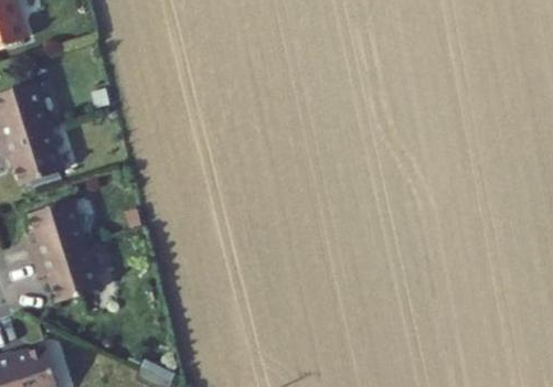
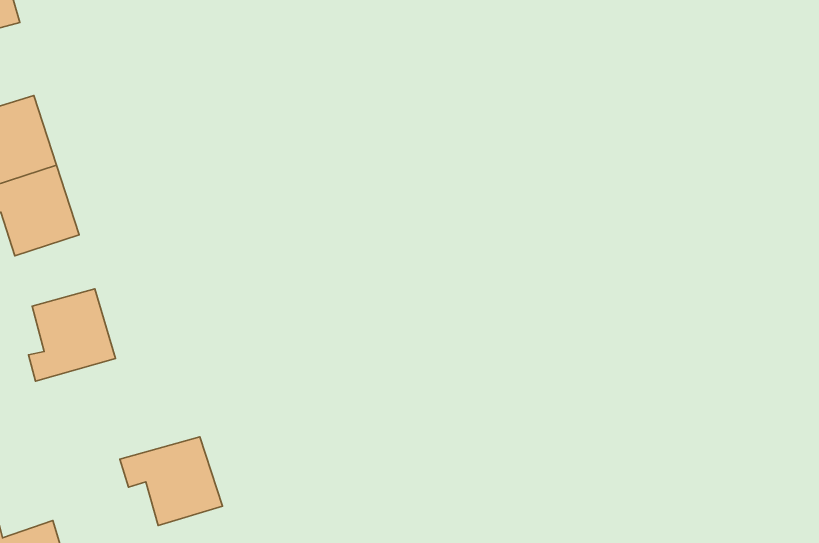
building: [35,246,100,302] -> [120,437,222,525]

